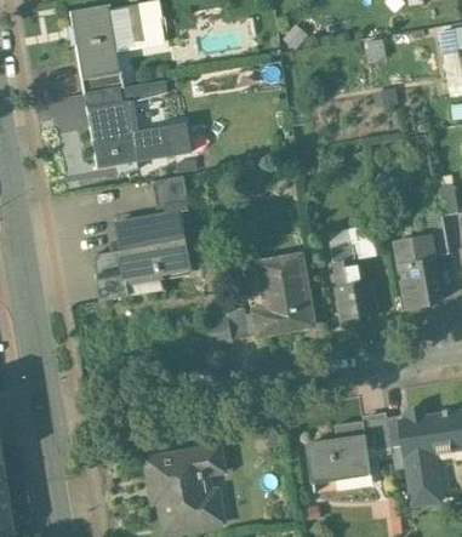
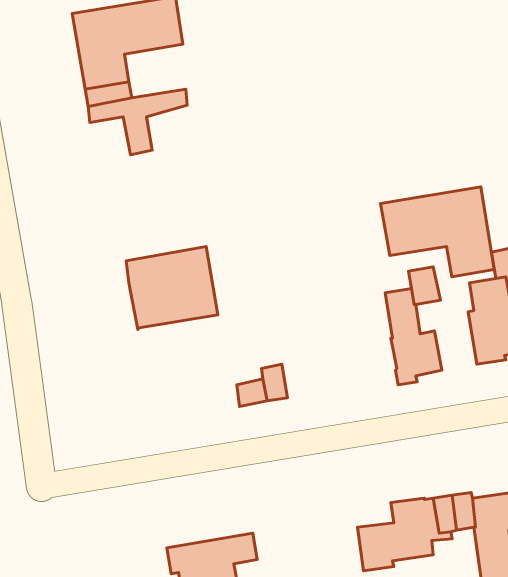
building: [85,102,189,167] -> none
building: none -> [380,187,494,277]
building: [152,175,188,208] -> none
building: [92,240,130,299] -> none
building: [256,257,313,333] -> none

